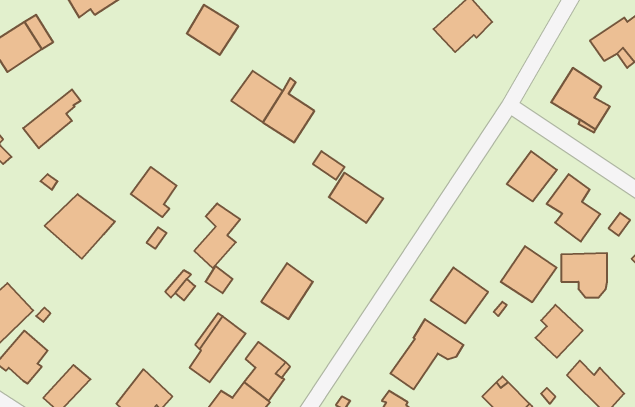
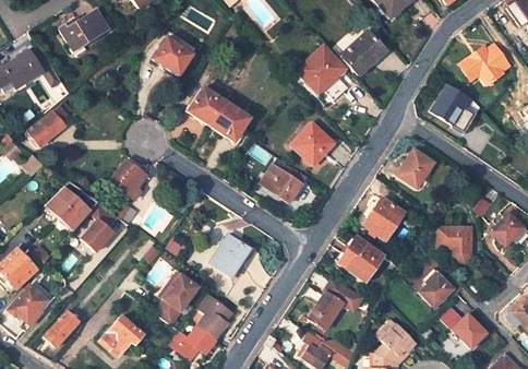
building: none -> [298,46,348,97]
building: none -> [292,123,334,165]
building: [547,174,600,242] -> none
building: [194,203,240,268] -> [81,202,116,251]
building: [501,246,557,302] -> [361,195,404,238]

